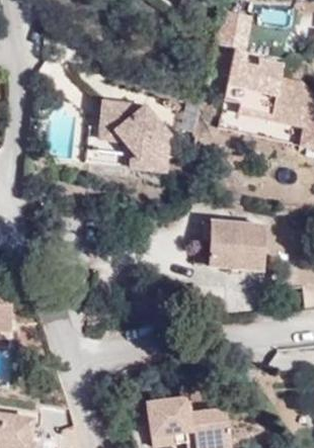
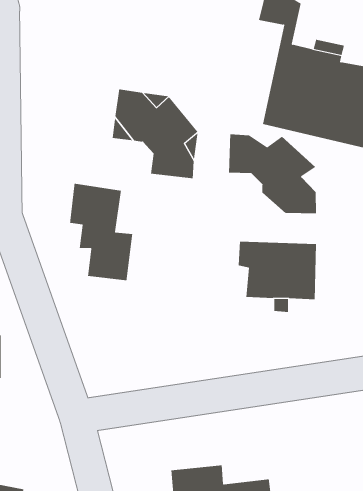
building: none -> [228,134,316,214]
building: none -> [69,183,133,281]

